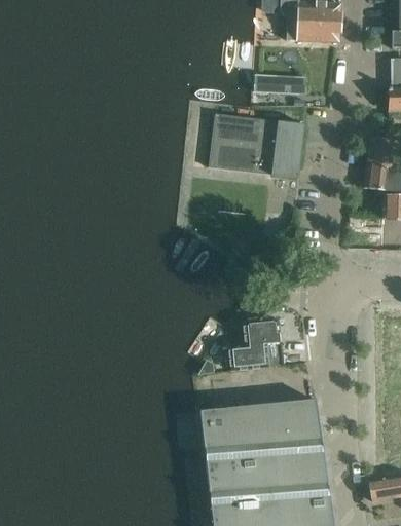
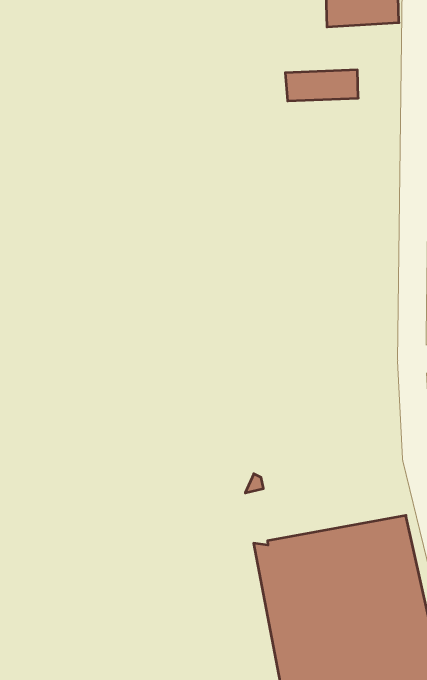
building: [208,108,304,177] -> none
building: [228,316,283,370] -> none

